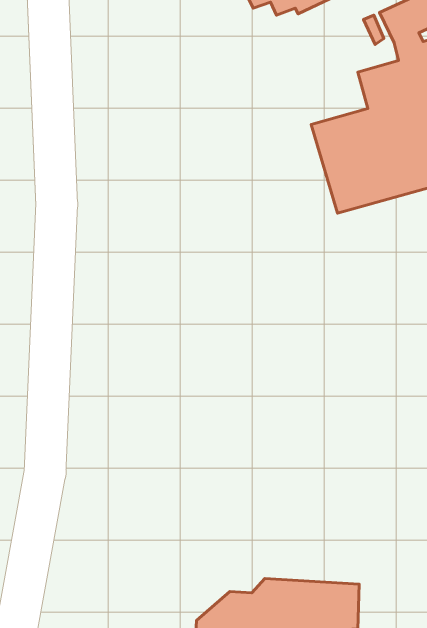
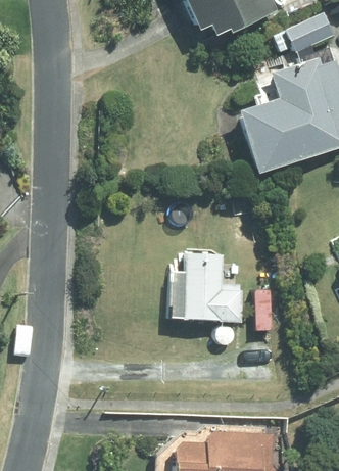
building: none -> [171,253,246,322]

